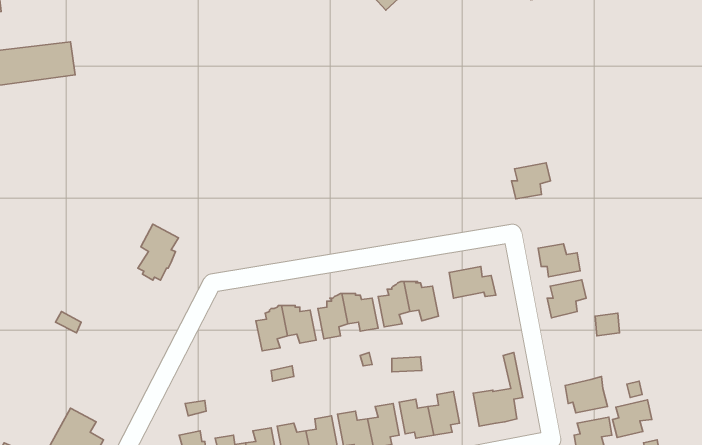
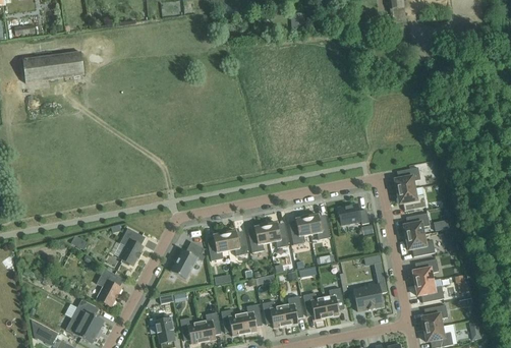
building: [511,163,551,199] -> [394,166,420,190]
building: [138,224,179,280] -> [118,227,146,265]
building: none -> [406,233,435,255]
building: none -> [171,241,204,279]
building: none -> [97,268,124,305]
building: [613,400,652,437] -> [412,257,439,283]

